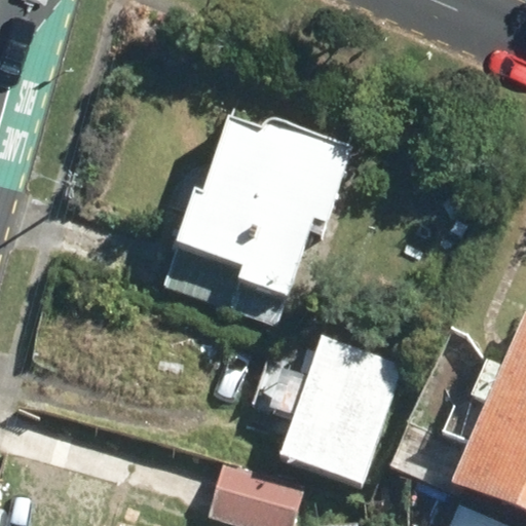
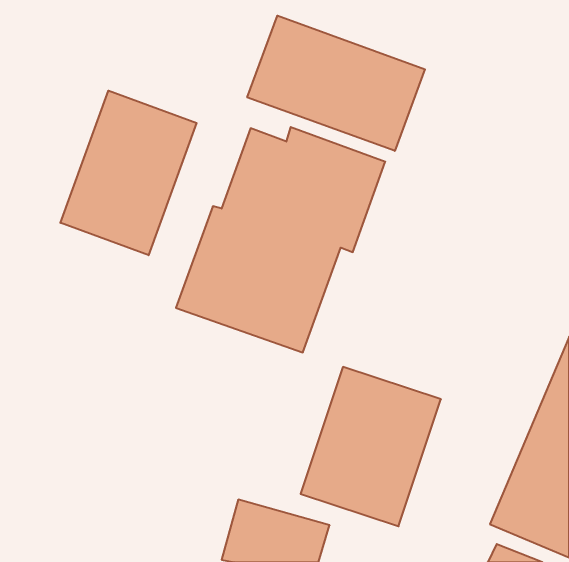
building: none -> [247,16,425,151]
building: none -> [60,91,197,255]

